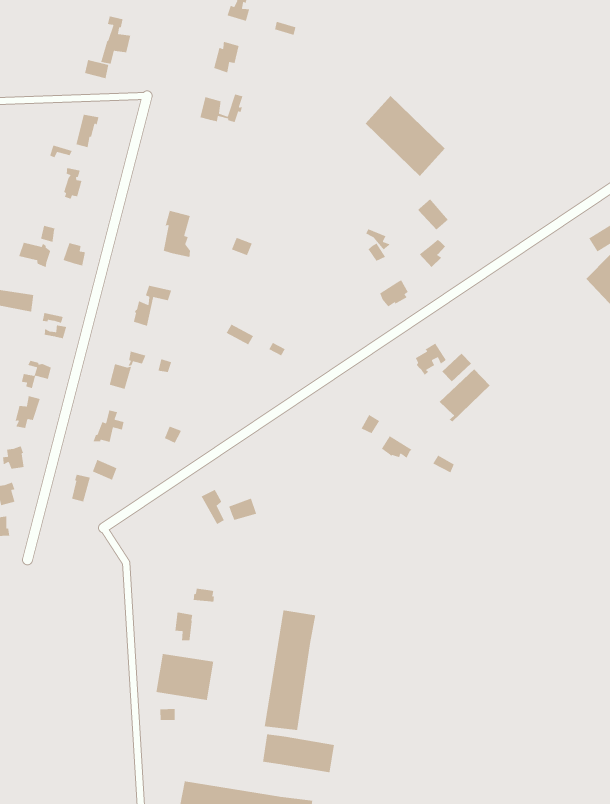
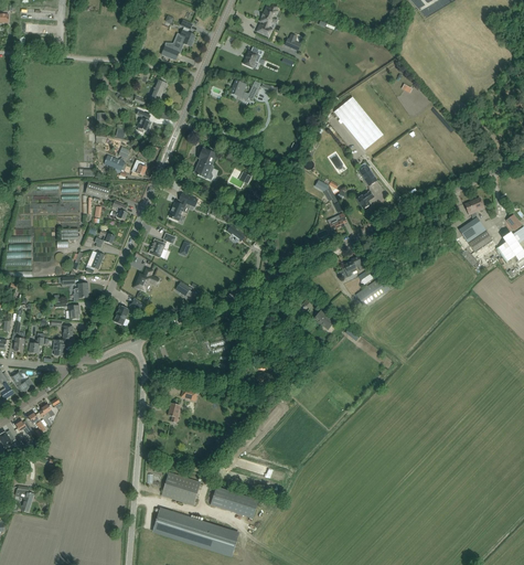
building: [264,609,316,731] -> none
building: [156,653,214,701] -> [161,471,201,505]

